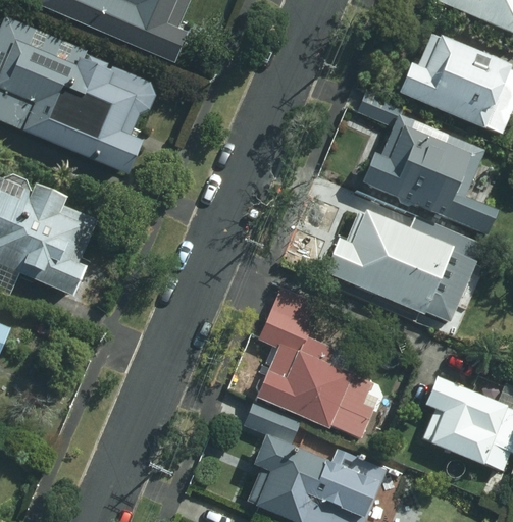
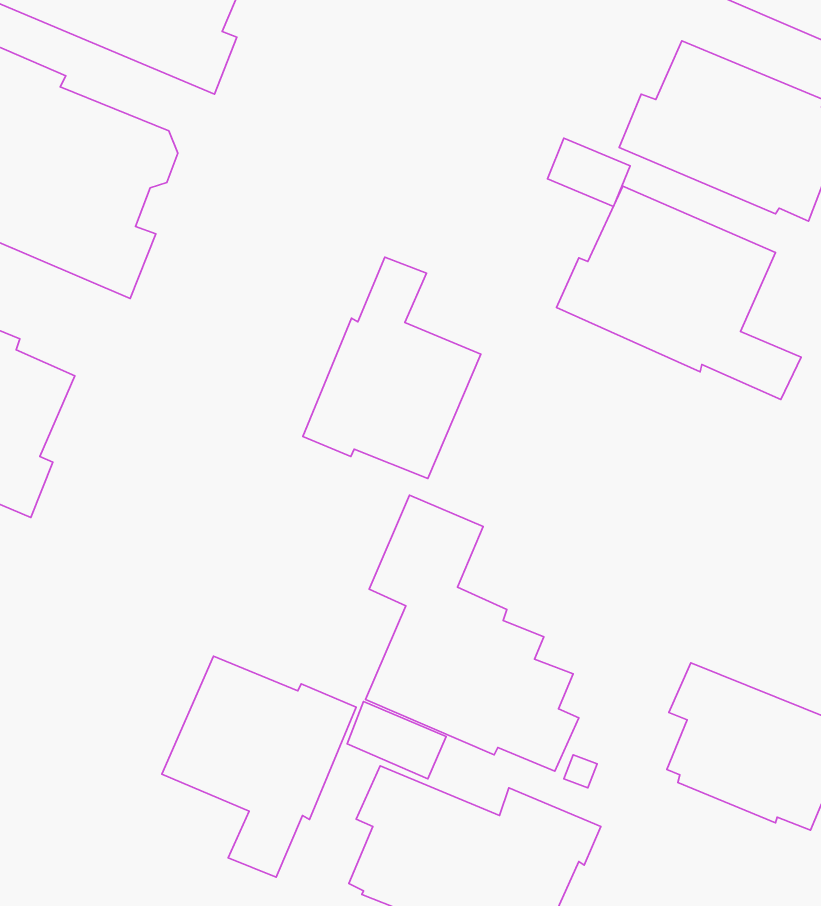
building: none -> [303,257,481,479]
building: [323,209,485,320] -> none
building: none -> [162,656,356,877]

